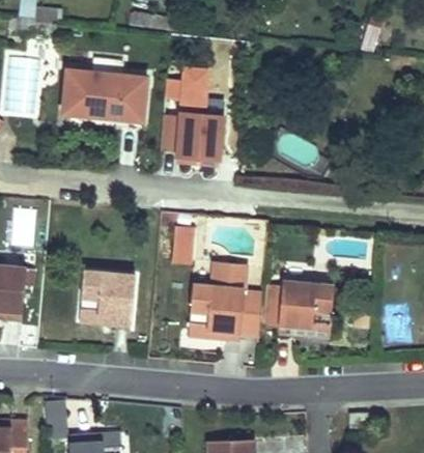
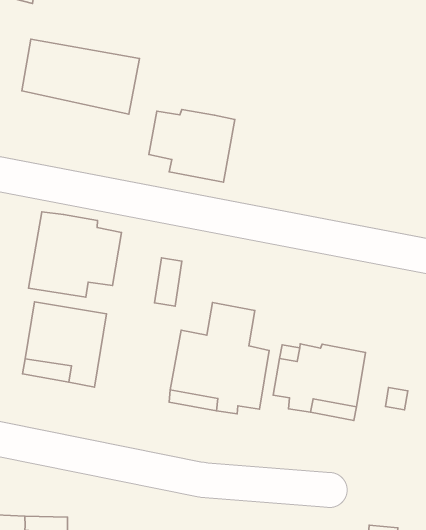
building: [164,68,211,117] -> none
building: none -> [29,212,121,297]

